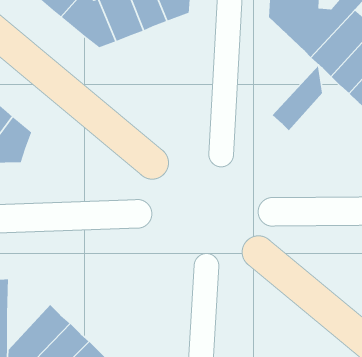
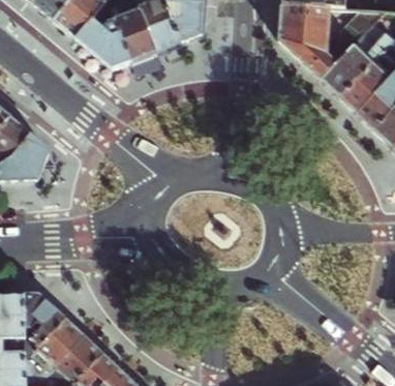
building: [272,65,323,131] -> none
building: none -> [25,293,66,362]

